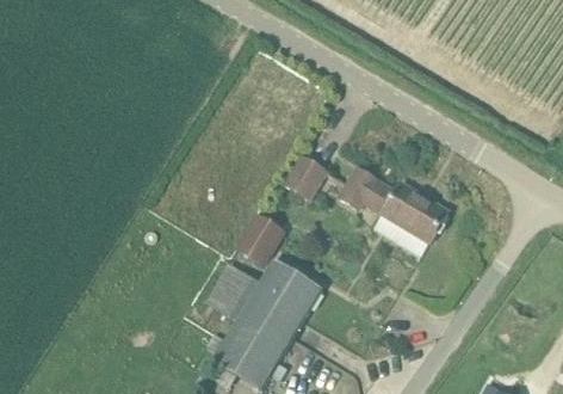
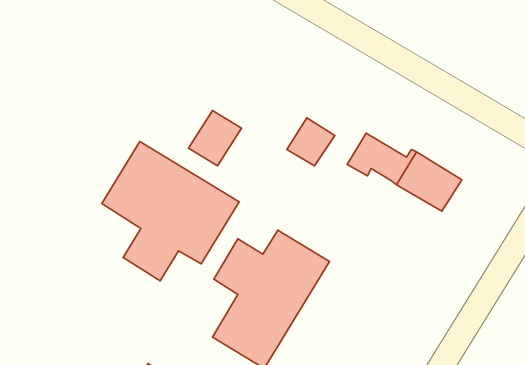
building: none -> [102,141,239,281]
building: [235,214,285,266] -> [188,110,241,166]

